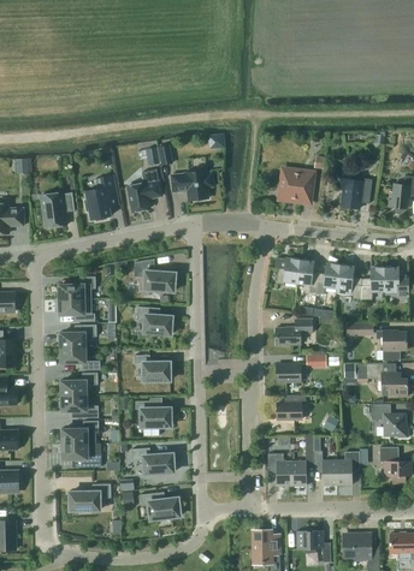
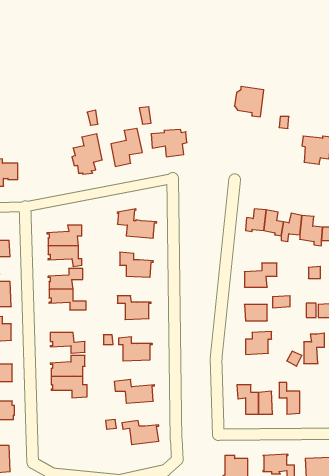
building: [280,169,313,203] -> [234,86,264,117]
building: [41,192,75,227] -> none
building: [59,373,97,395] -> none
building: [337,451,360,484] -> [304,333,324,364]
building: [67,483,111,512] -> none

